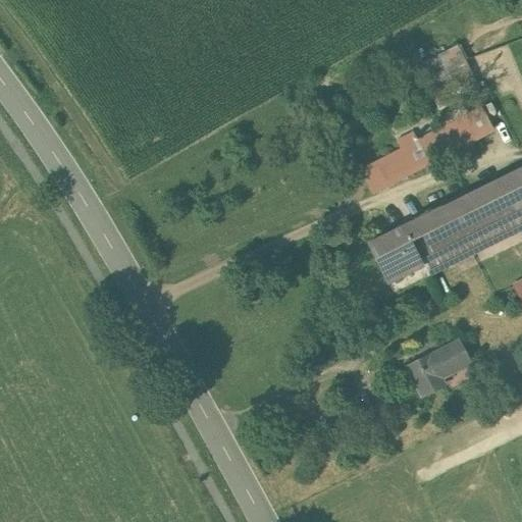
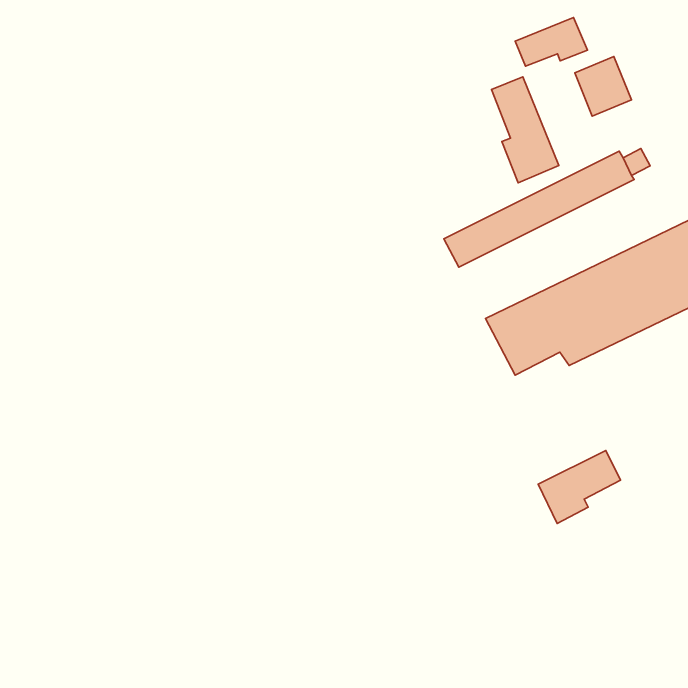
building: none -> [515,17,587,66]
building: none -> [492,77,559,183]

